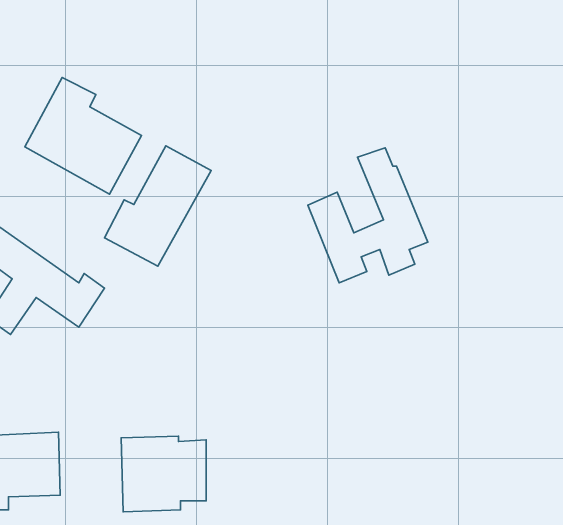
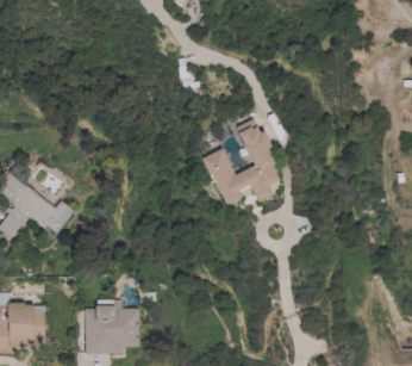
building: [25,77,142,194] -> none
building: [105,146,211,266] -> none

